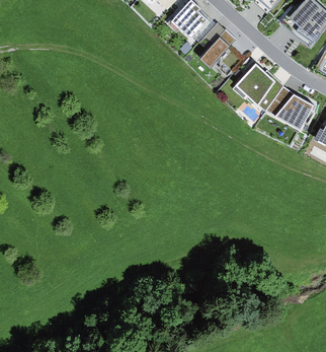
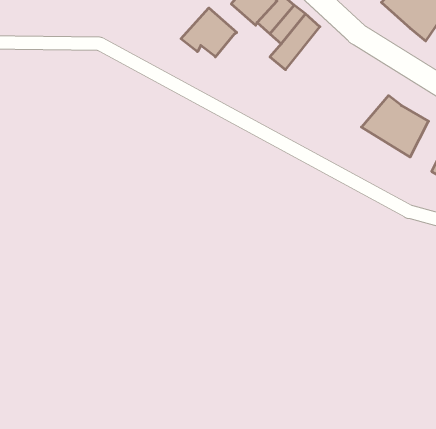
building: none -> [181,8,237,57]
building: [238,64,286,110] -> none

